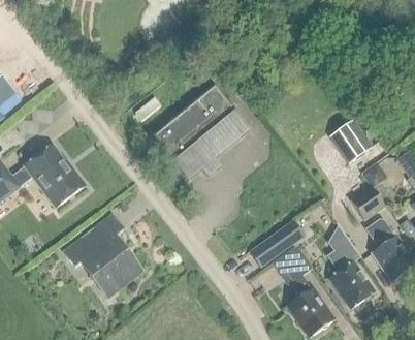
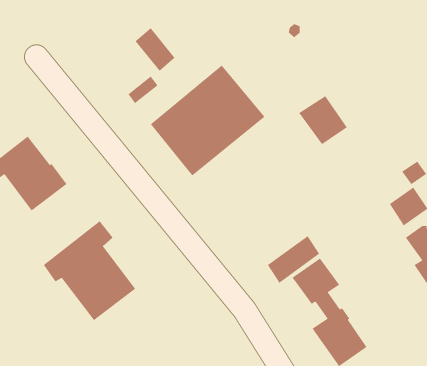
building: none -> [135,27,176,72]
building: [328,121,370,162] -> [298,95,348,145]
building: [327,224,373,307] -> none

